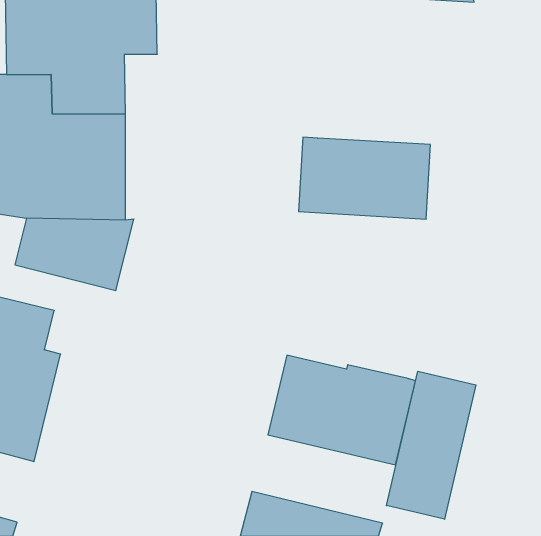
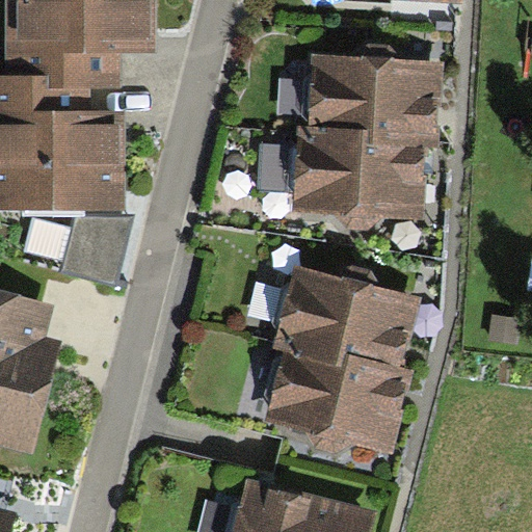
building: none -> [311,60,435,141]
building: none -> [274,266,417,370]
building: [386,371,476,519] -> none

